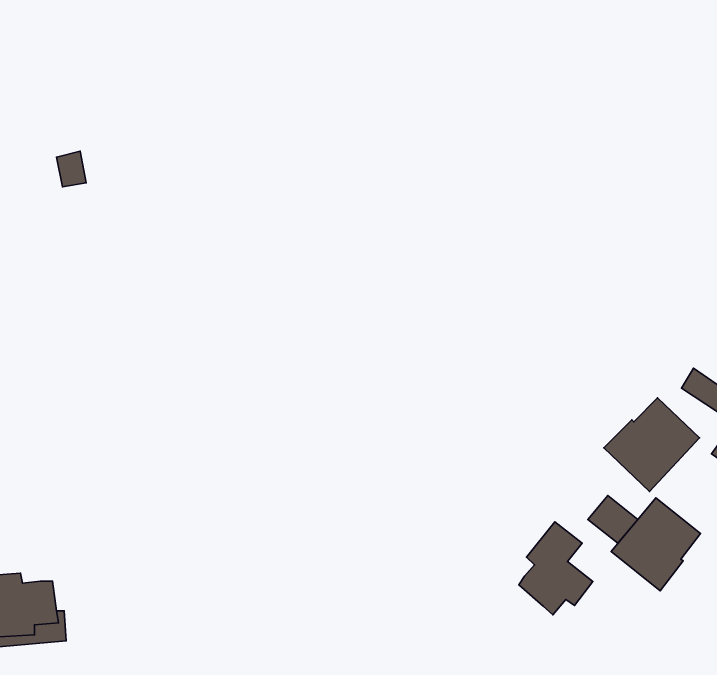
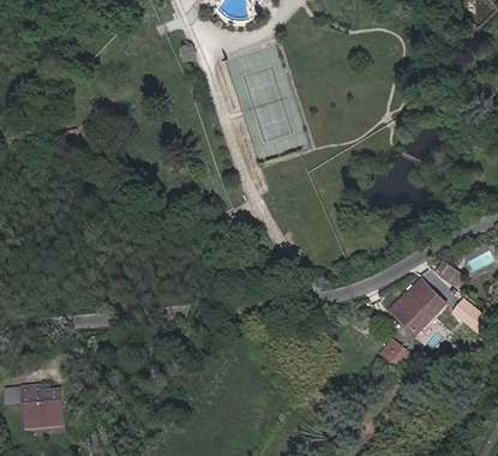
building: [611,498,700,591] -> none
building: [519,522,593,615] -> none

